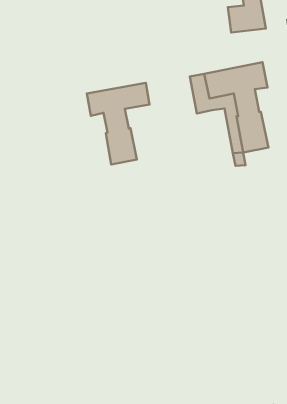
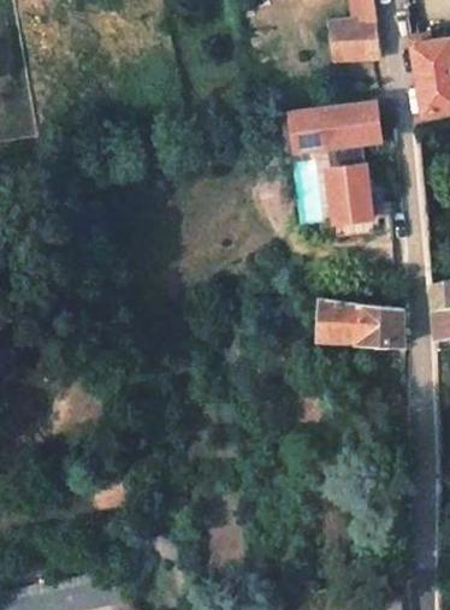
building: [87,83,150,164] -> none
building: none -> [318,302,403,343]

